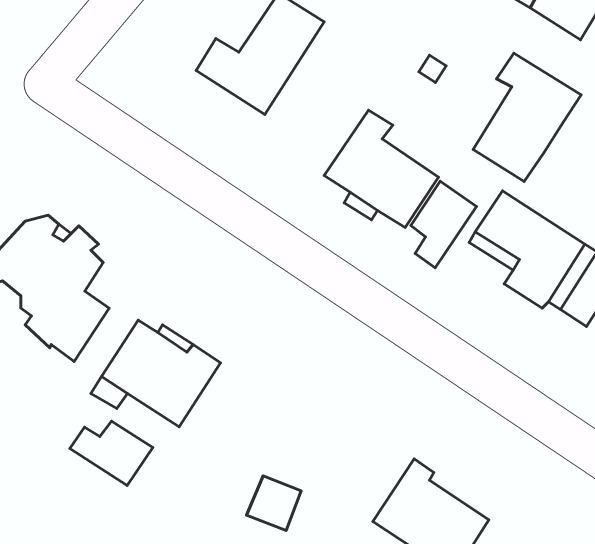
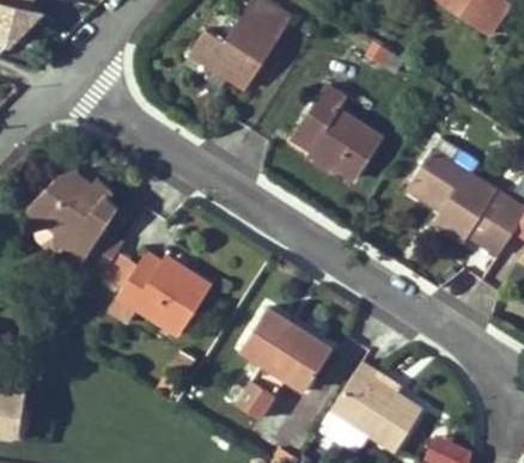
building: [473,53,581,182] -> none
building: [411,181,476,268] -> none
building: none -> [240,307,331,395]
building: [70,421,153,485] -> none

